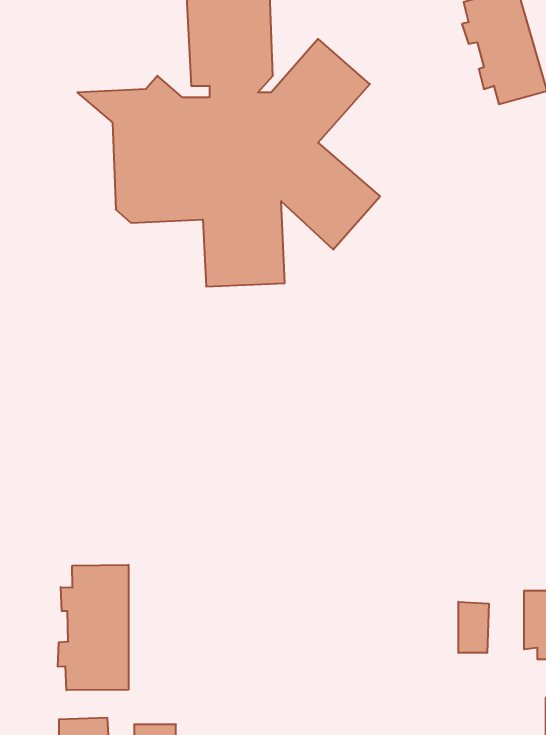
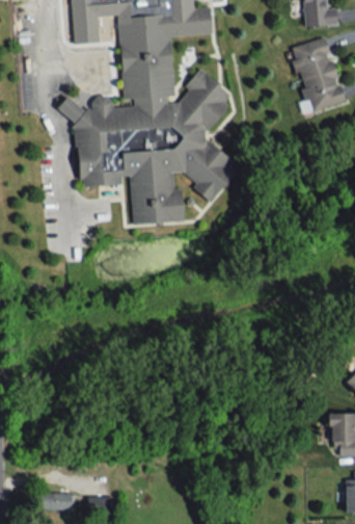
building: [58,565,128,690] -> none
building: [458,602,489,653] -> none

